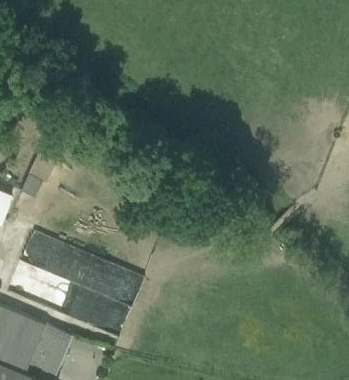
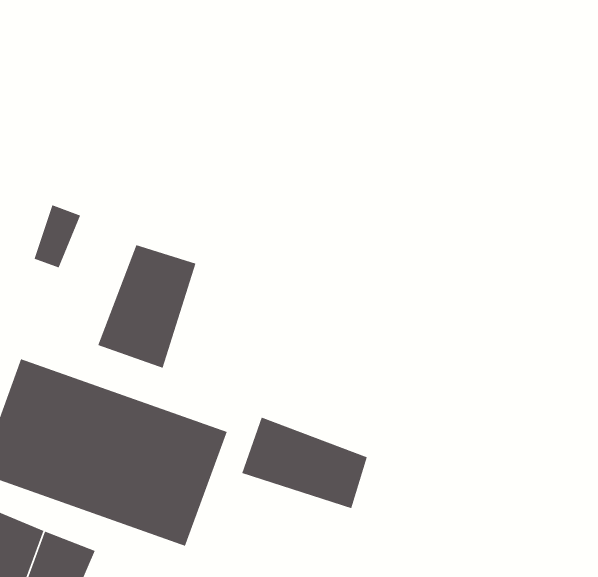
building: none -> [97,244,197,369]
building: none -> [241,416,368,509]

